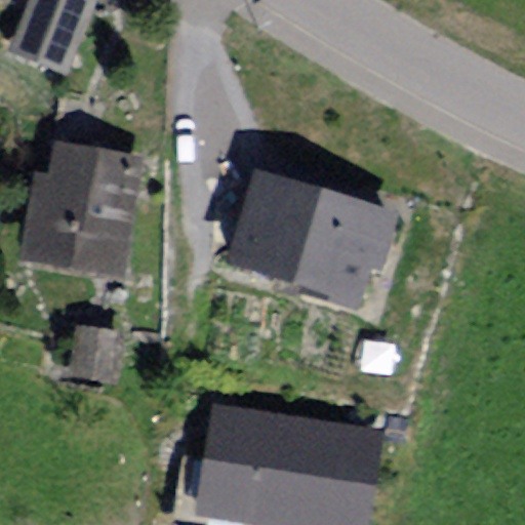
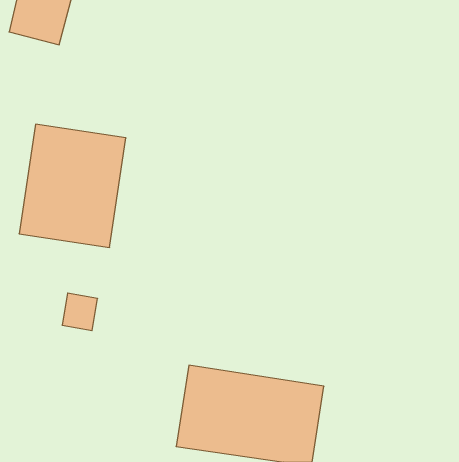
building: [228,168,402,309] -> none

